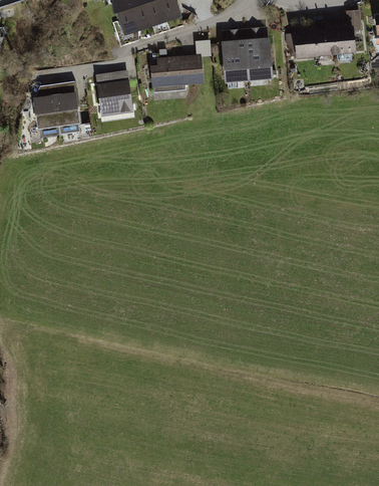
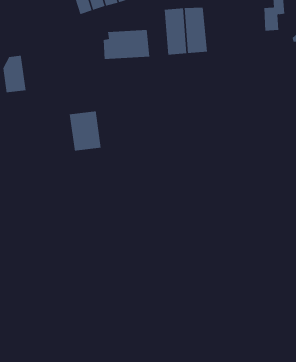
building: [294,28,338,58] -> none
building: [94,70,132,117] -> [69,111,102,151]
building: [54,81,80,125] -> none

